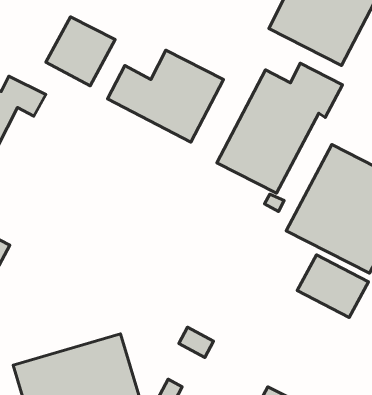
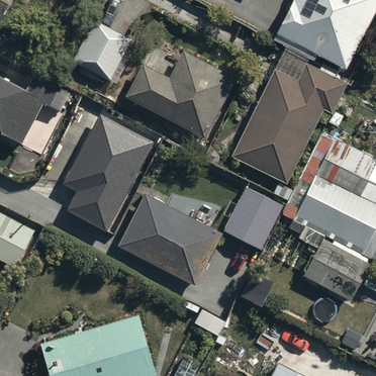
building: none -> [61,114,153,232]
building: none -> [222,186,282,248]
building: none -> [115,193,220,283]

